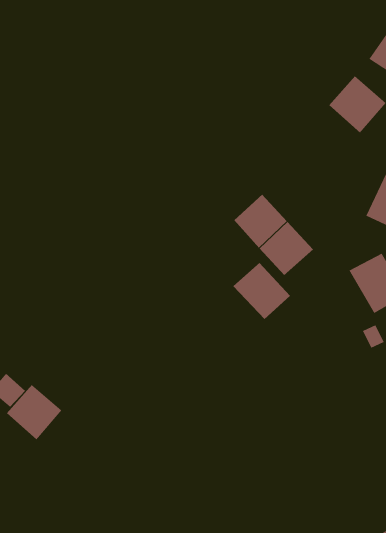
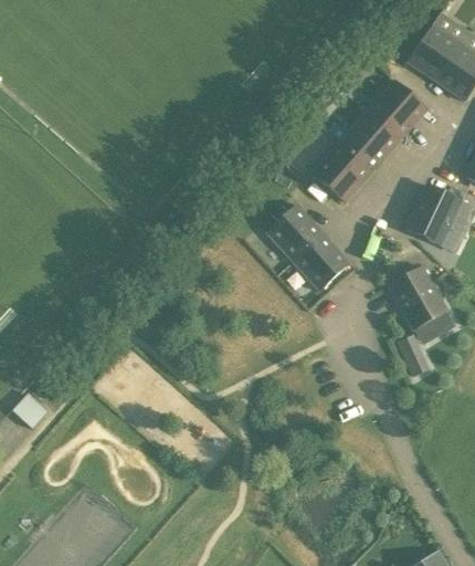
building: none -> [314,112,401,202]
building: [232,262,291,320] -> none
building: [6,384,62,440] -> none

